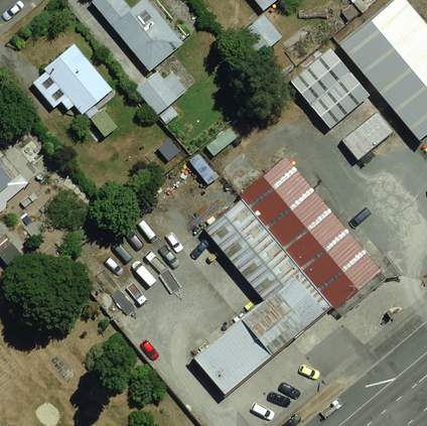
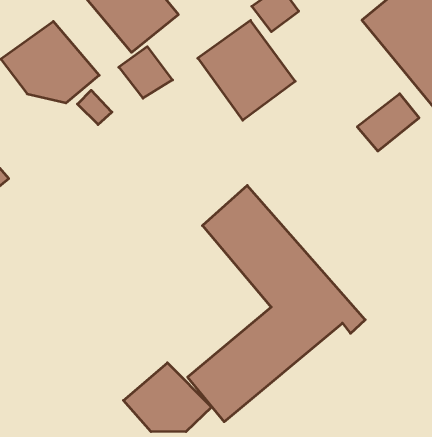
building: [283,43,369,131] -> [198,20,295,120]
building: [240,154,388,308] -> none
building: none -> [123,363,211,432]

